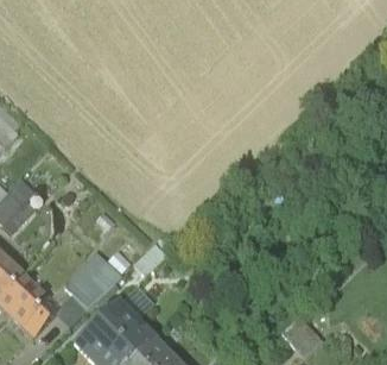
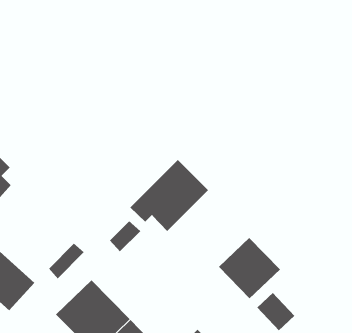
building: none -> [129,159,209,232]
building: none -> [218,237,281,299]

